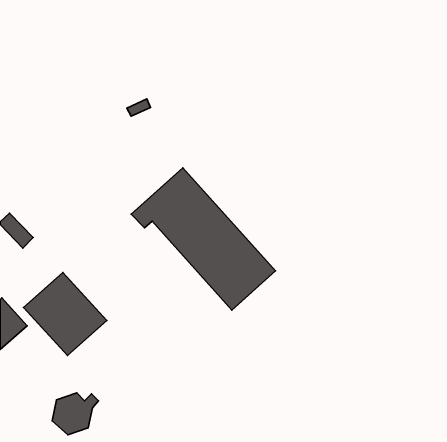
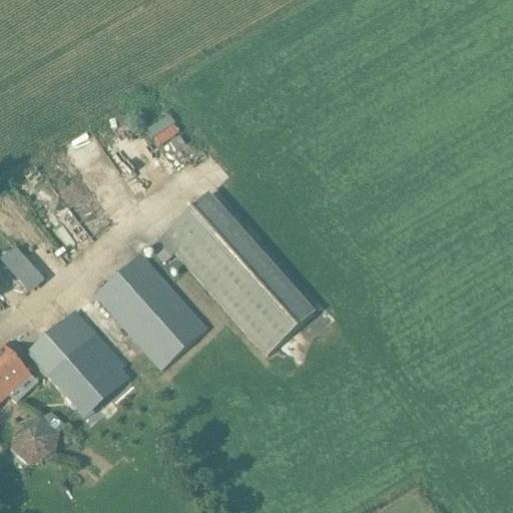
building: none -> [95,251,208,369]
building: [52,393,99,435] -> [12,417,65,465]

